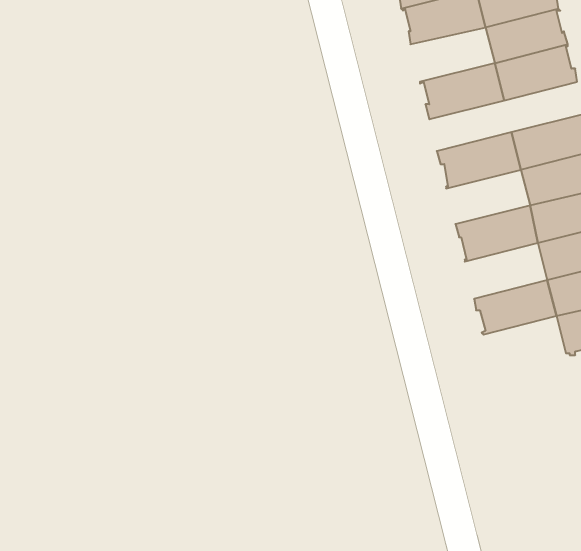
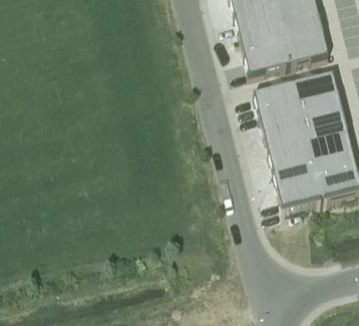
building: none -> [239,23,284,52]
building: none -> [258,99,303,128]
building: none -> [268,138,312,169]
building: none -> [278,178,322,210]

